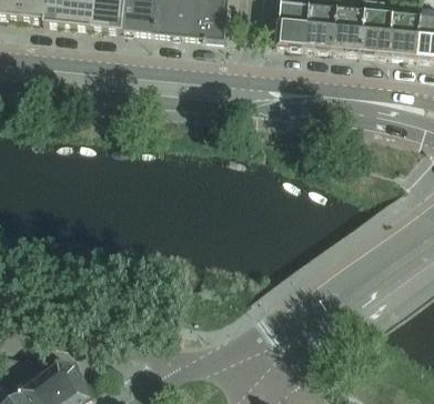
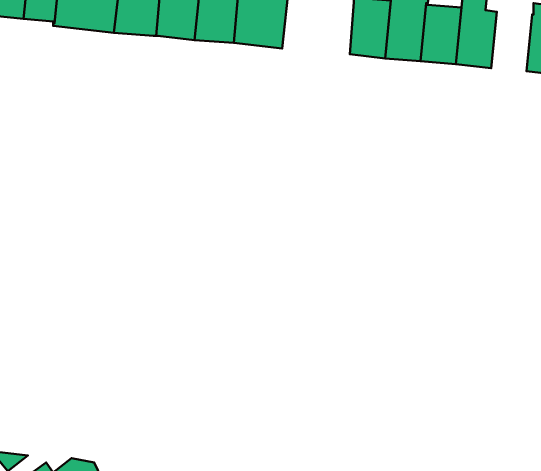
building: [387,13,420,60] -> none

